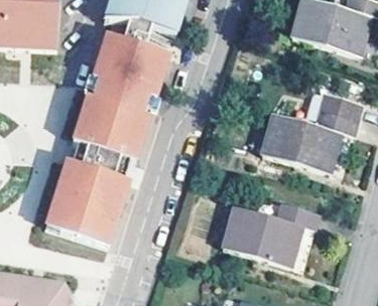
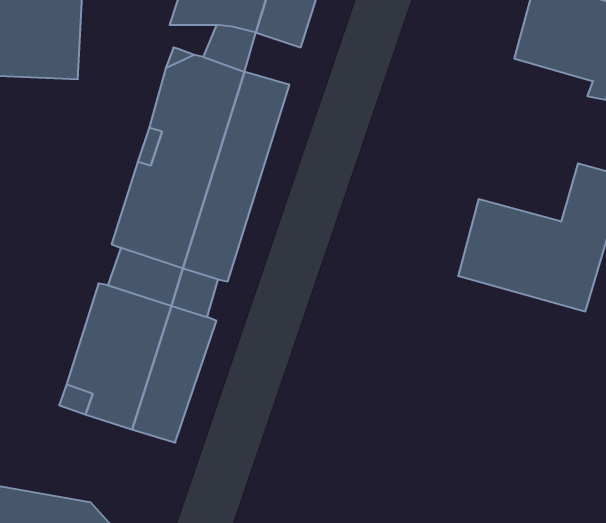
building: [222,204,319,268] -> none

